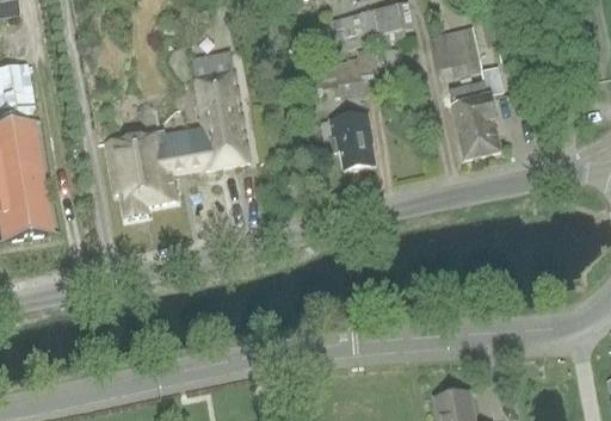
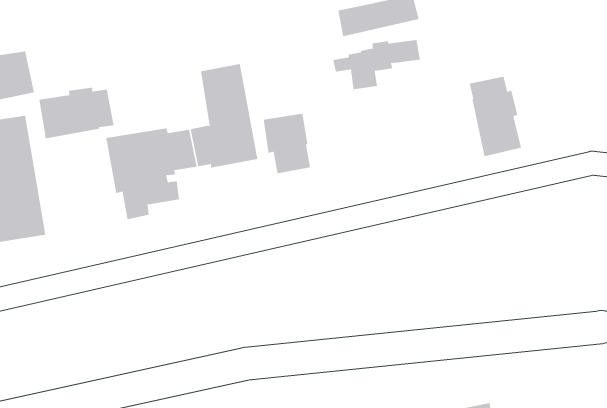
building: [431,26,482,75] -> none
building: [193,48,237,76] -> none
building: none -> [39,87,114,139]
building: [331,112,376,169] -> [263,113,311,174]

